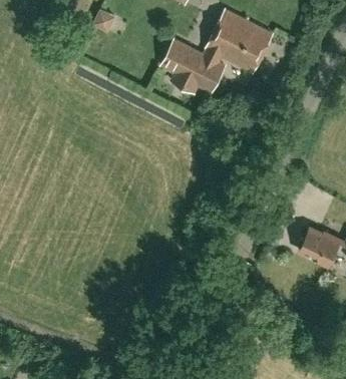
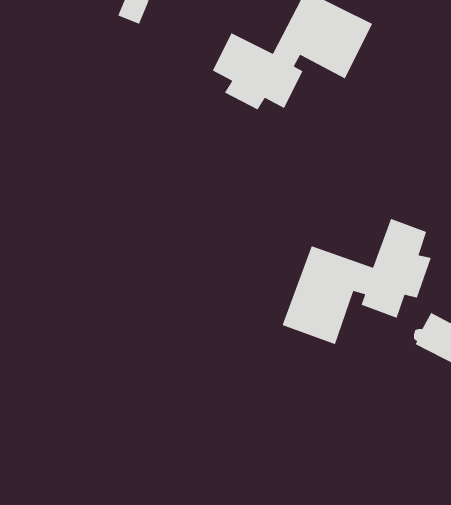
building: none -> [282,218,432,345]

